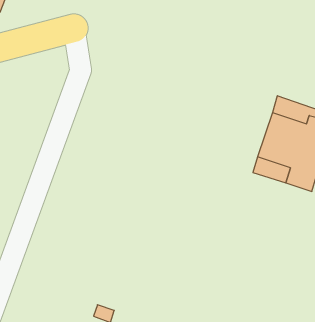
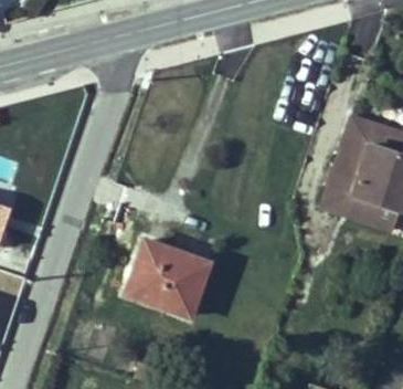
building: none -> [128,239,209,313]

